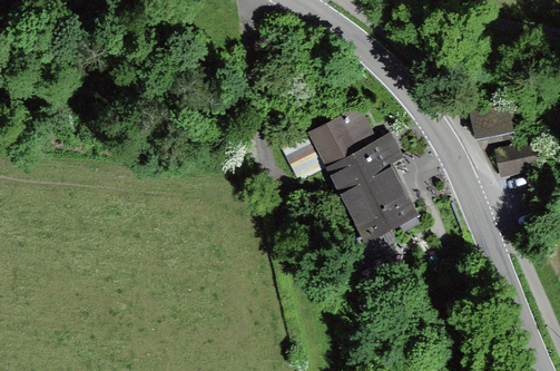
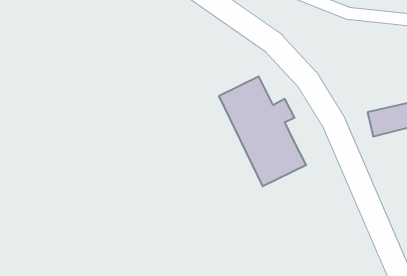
building: [469,99,512,138] -> none

